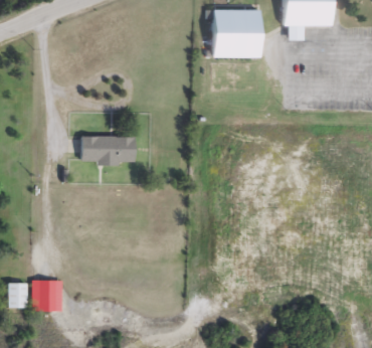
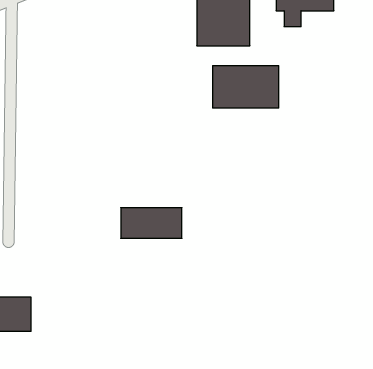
building: none -> [213,66,279,108]
building: [81,136,136,163] -> [121,208,182,238]

